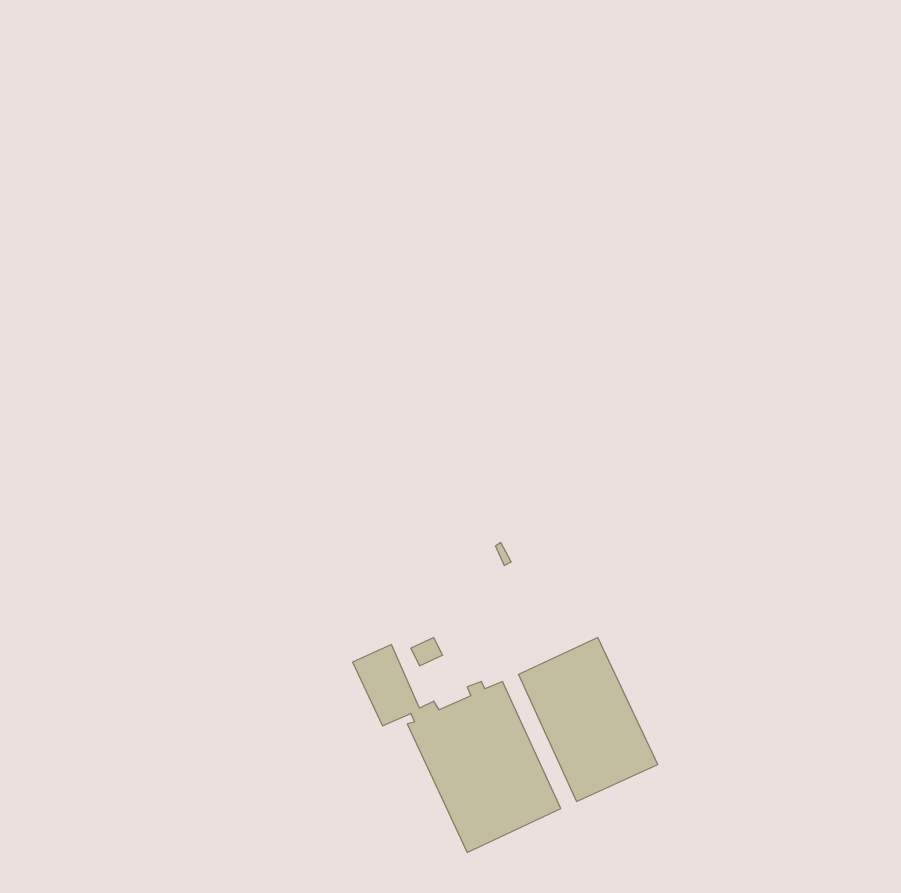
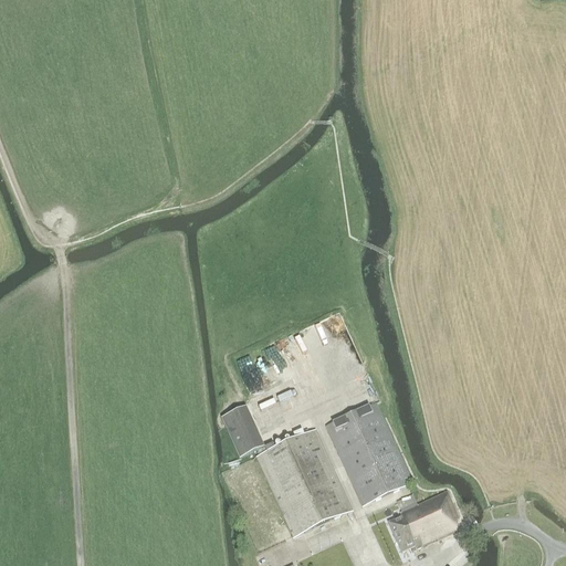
building: none -> [388,489,459,549]

